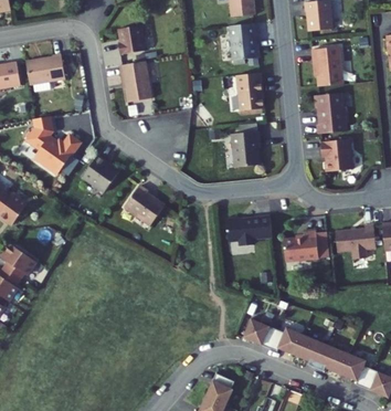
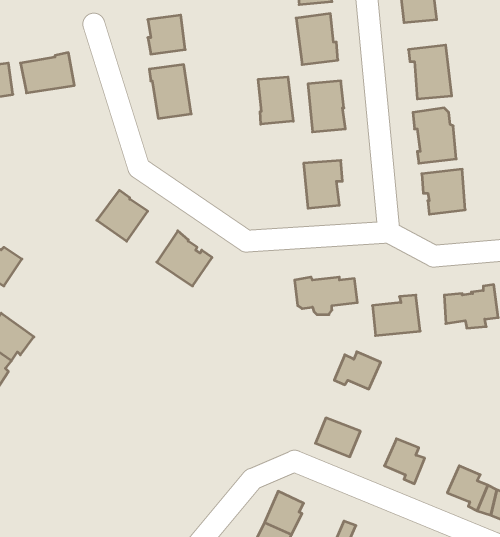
building: none -> [258,77,293,124]
building: [24,115,80,172] -> none
building: [267,329,302,357] -> [334,352,381,389]
building: [315,349,348,377] -> none

